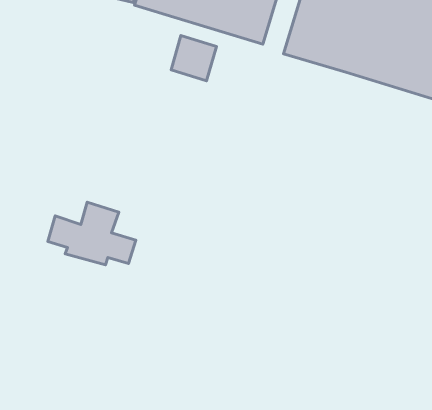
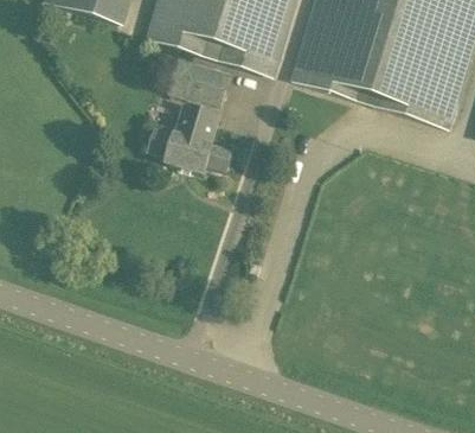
building: [48,202,136,265] -> [149,112,235,172]

